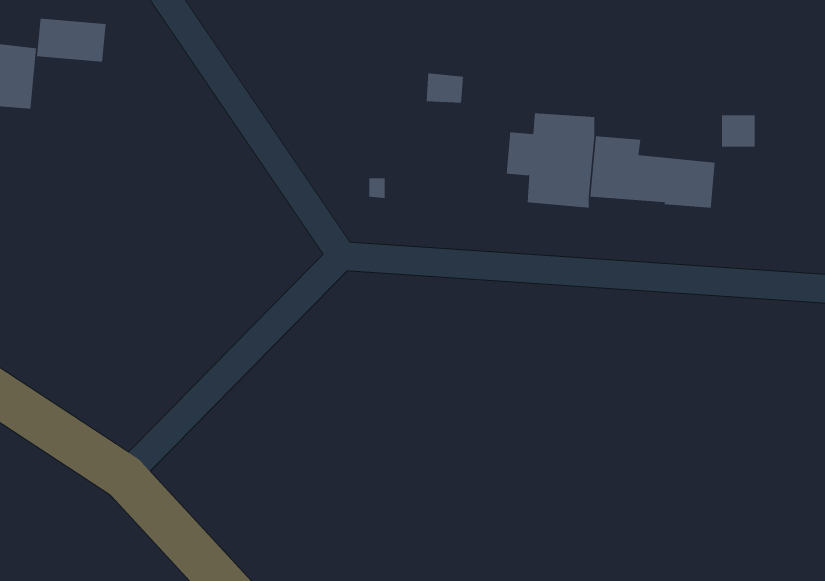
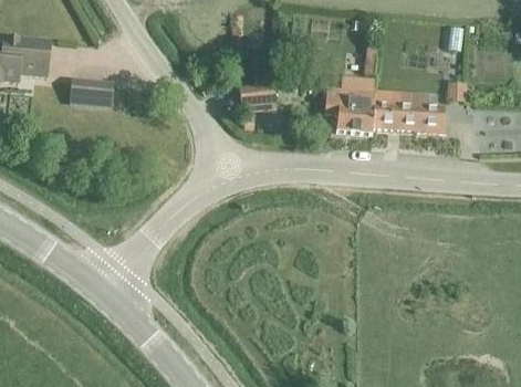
building: [36,18,107,62] -> [71,80,112,105]
building: none -> [238,84,274,106]

